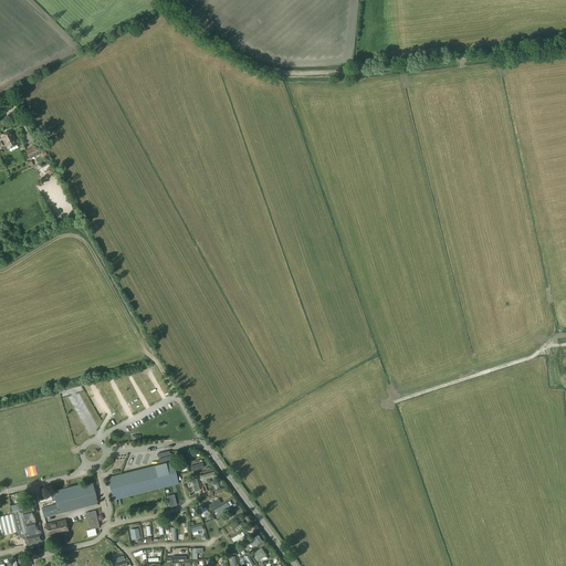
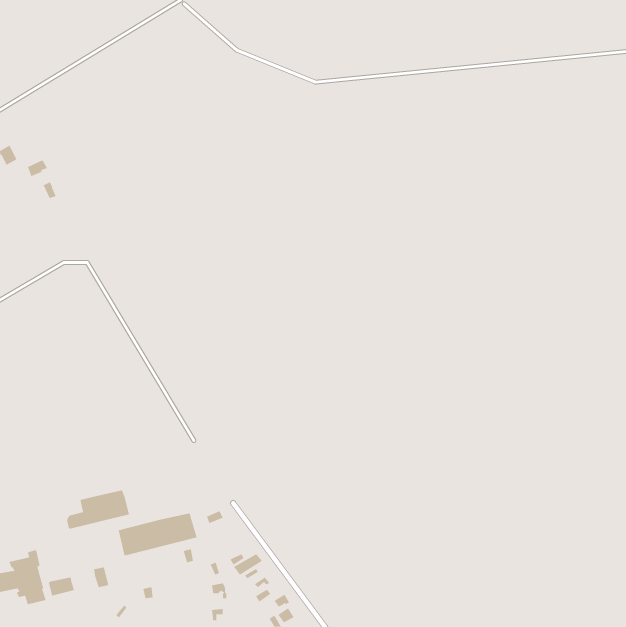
building: [40,482,97,518] -> [66,490,130,530]

